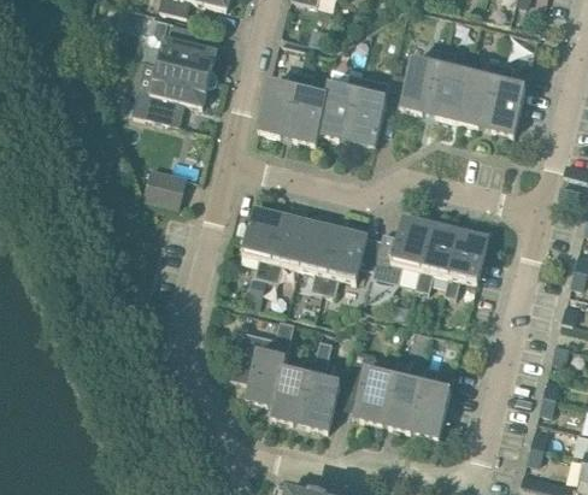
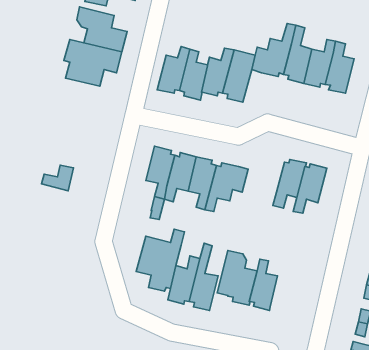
building: [143,172,187,207] -> [42,165,73,191]
building: [372,214,433,283] -> none
building: [412,356,451,437] -> none

